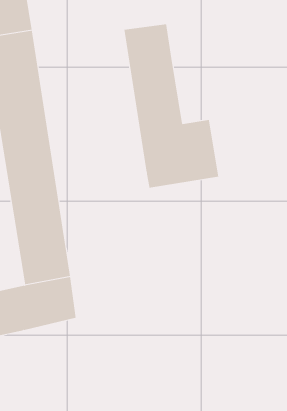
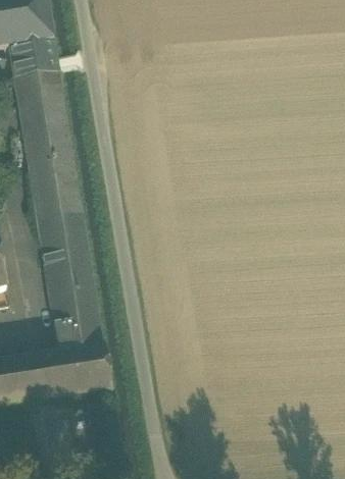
building: [124,24,219,188] -> none

